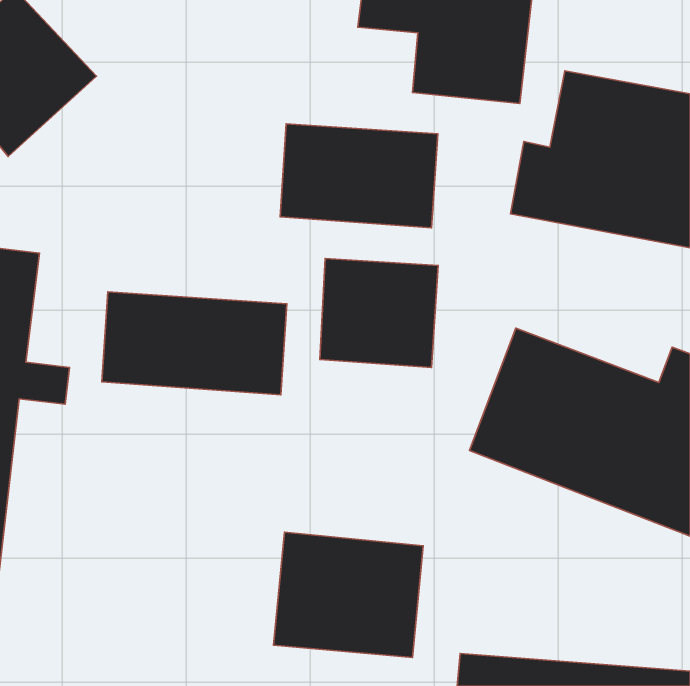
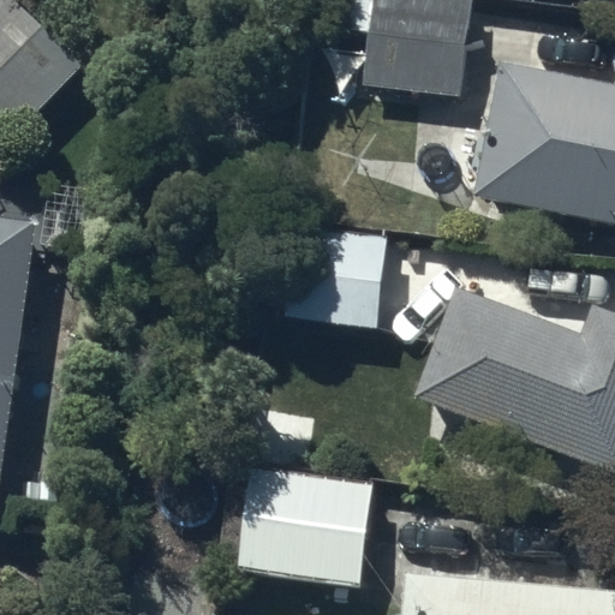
building: [280,124,438,228] -> none
building: [102,292,287,395] -> none

